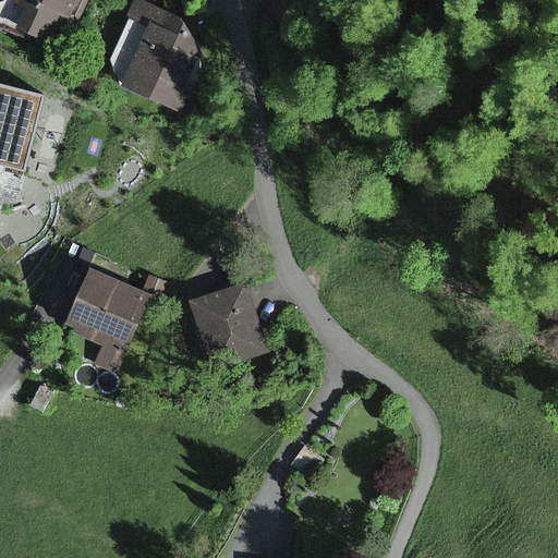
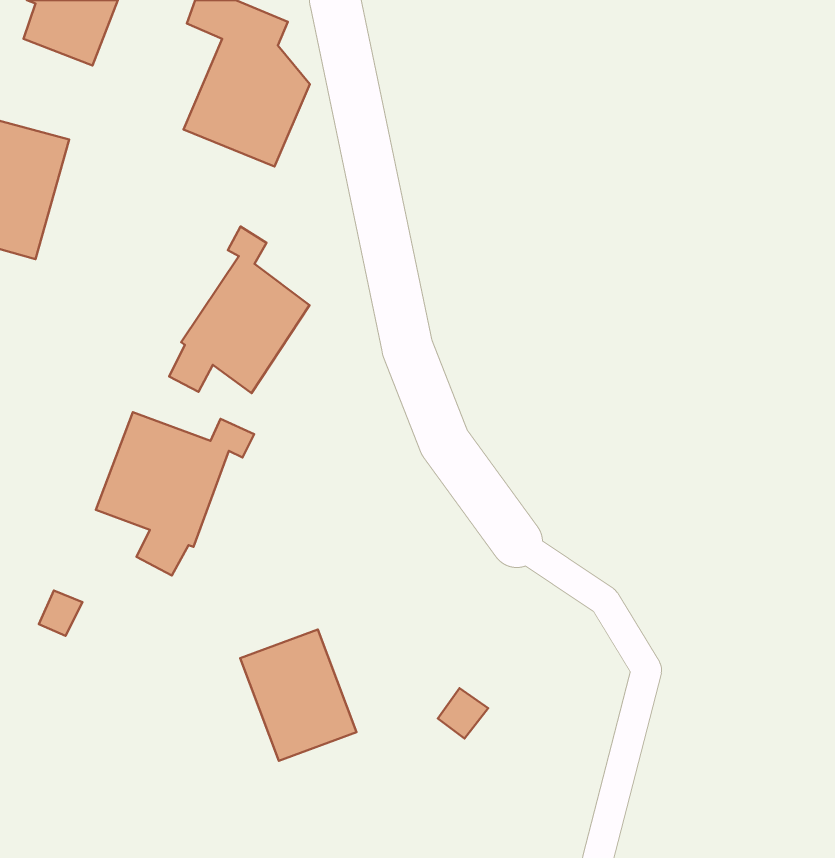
building: none -> [169,227,310,393]
building: [187,282,263,367] -> [240,630,356,761]

